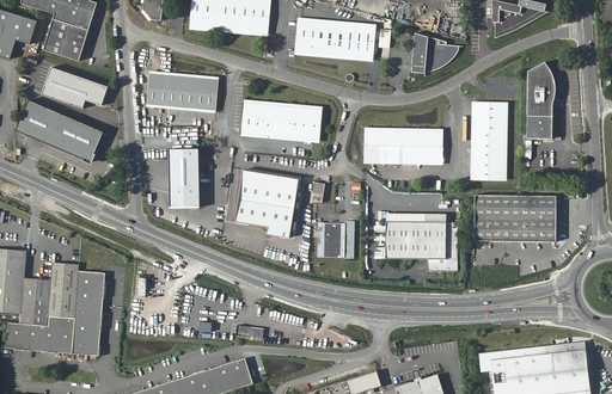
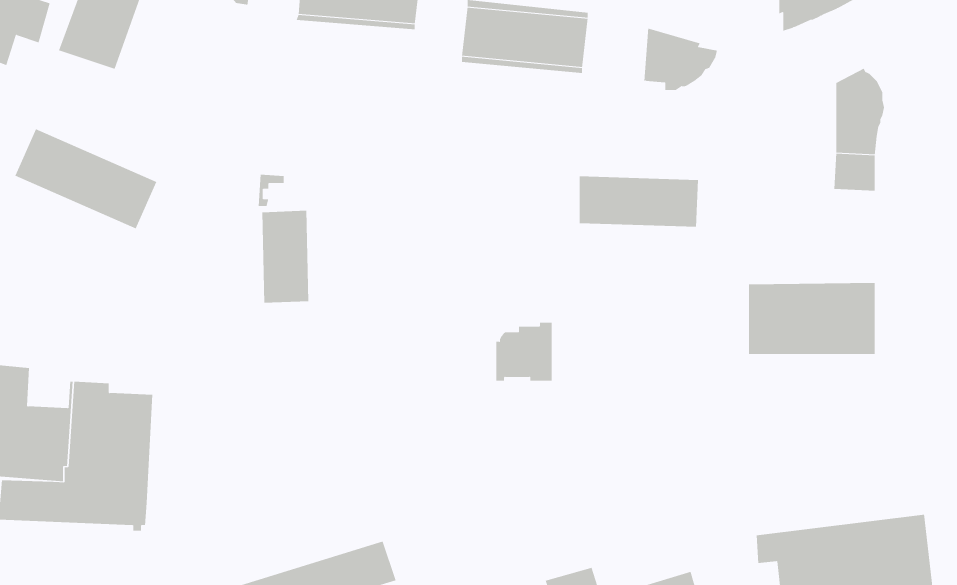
building: [39,67,104,107] -> none
building: [151,73,219,109] -> none
building: [476,103,508,176] -> none
building: [244,105,320,138] -> none
building: [235,172,299,239] -> none
building: [382,220,455,271] -> none

